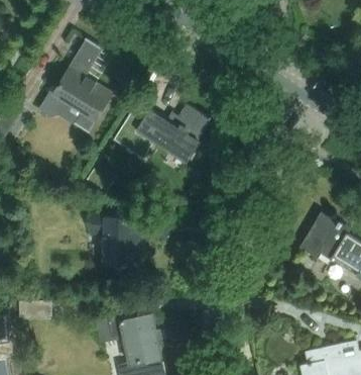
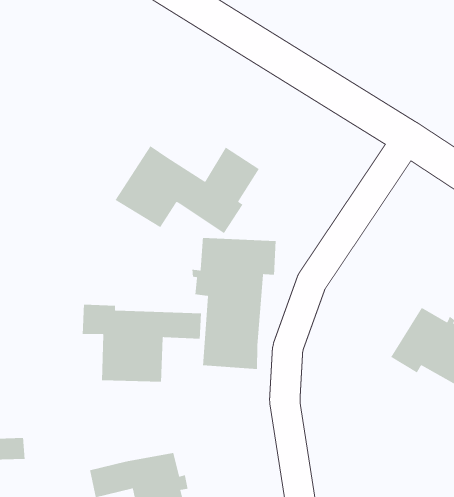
building: [40,41,111,134] -> none
building: none -> [192,237,276,370]

